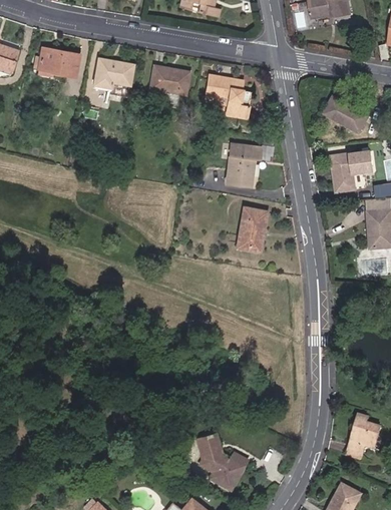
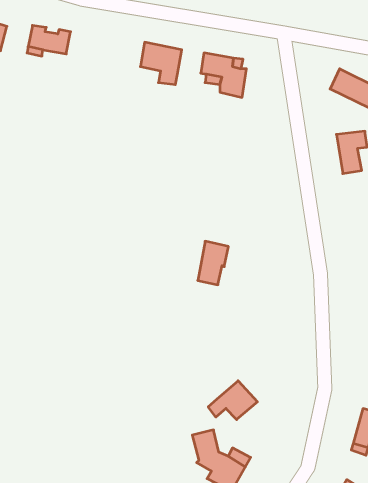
building: [94,61,133,99] -> none
building: [221,145,258,189] -> none
building: [236,209,265,250] -> [198,241,228,285]
building: none -> [208,381,257,420]

